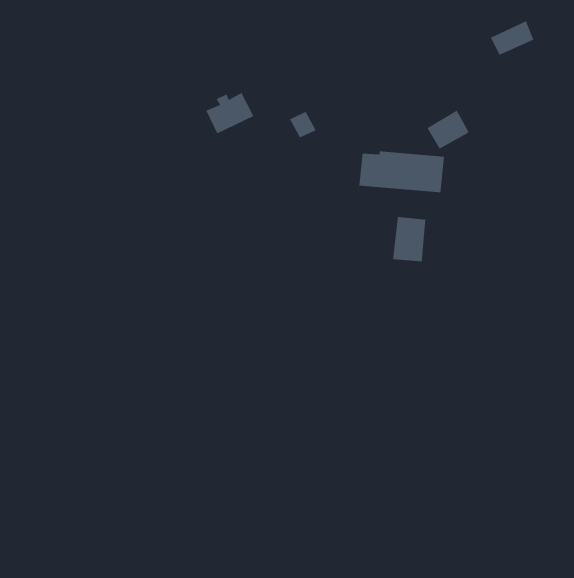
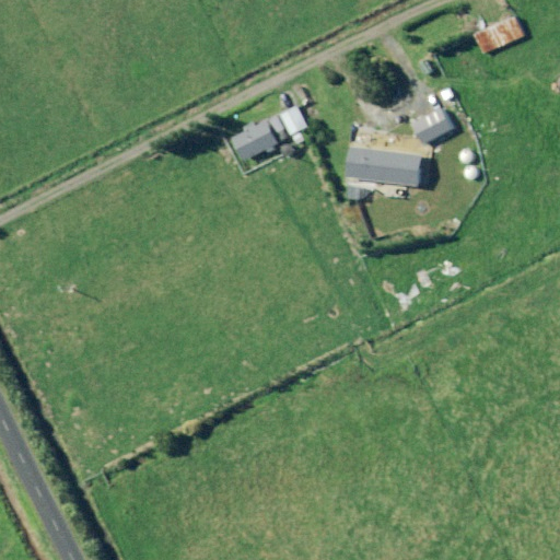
building: [205,92,254,134] -> [232,120,279,161]
building: [393,216,426,262] -> none

